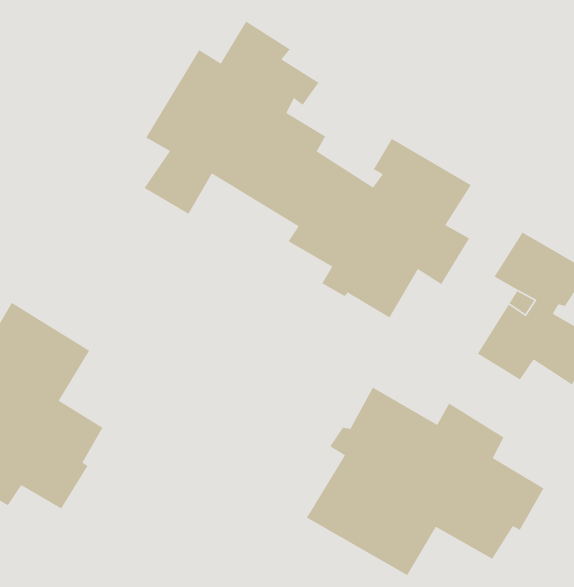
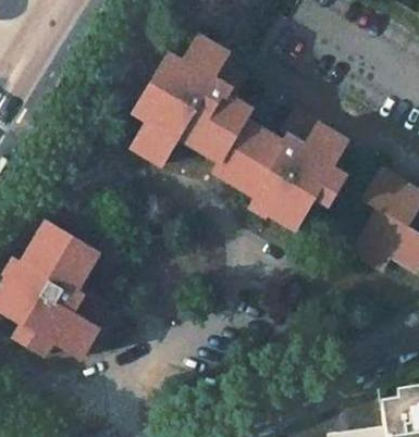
building: [306,386,545,576] -> none

